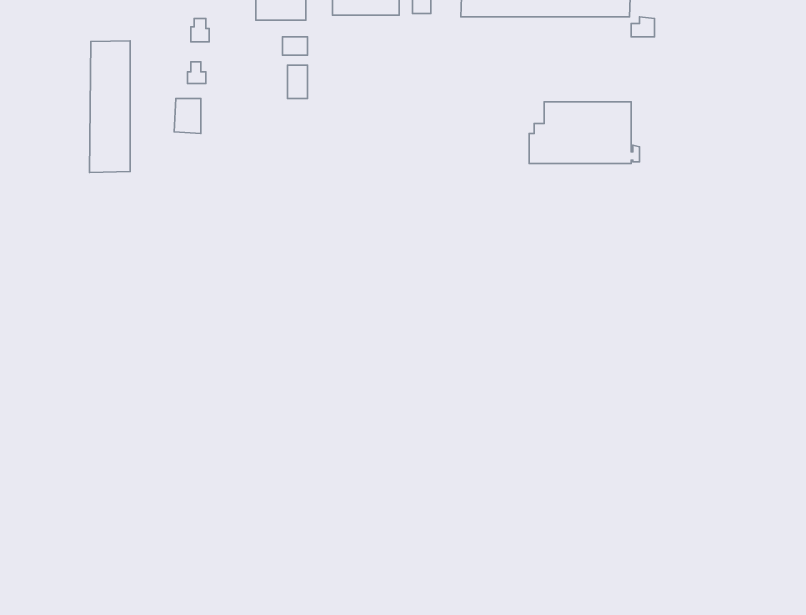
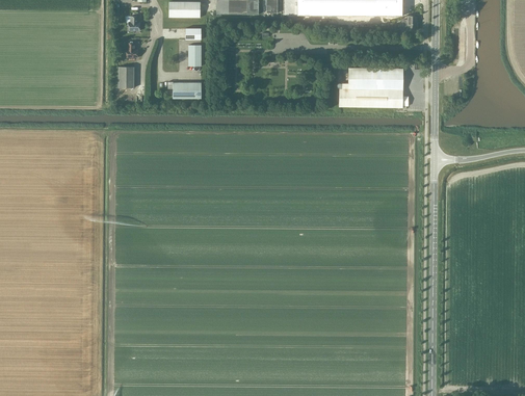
building: [90,41,130,172] -> none
building: none -> [173,83,201,100]

